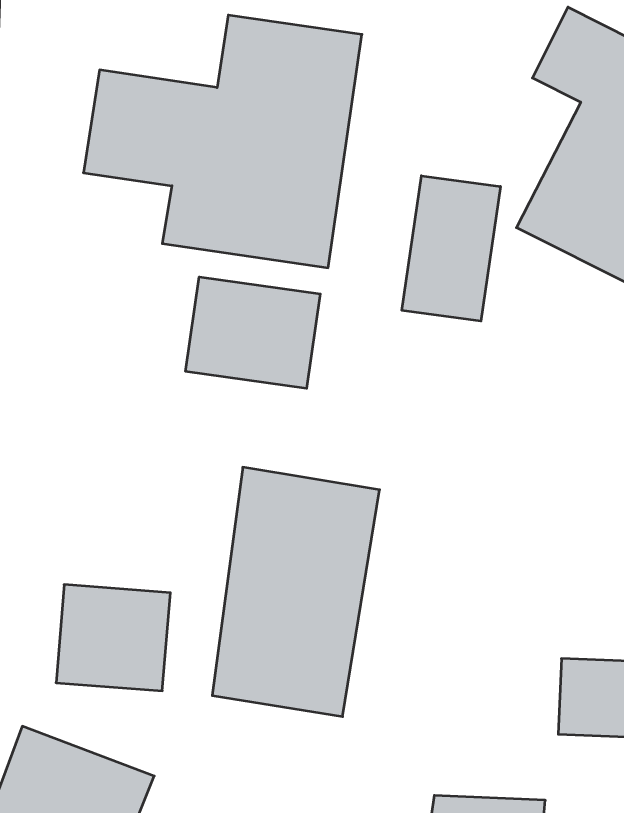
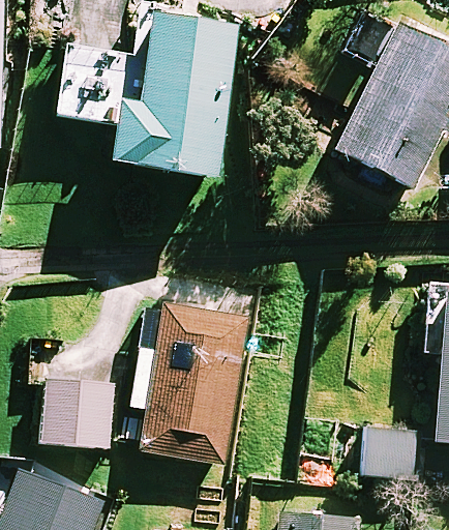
building: [402,176,500,321] -> none
building: [186,277,320,388] -> none

